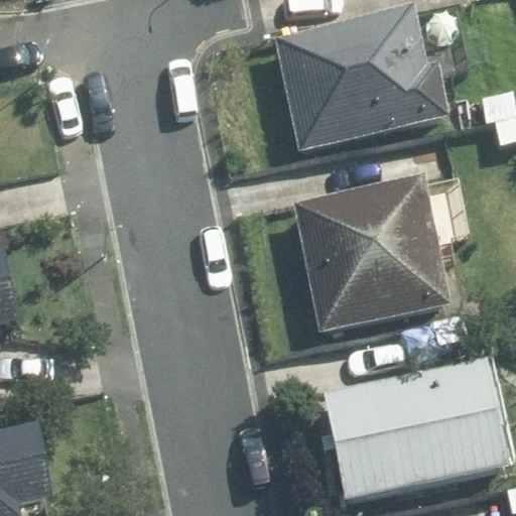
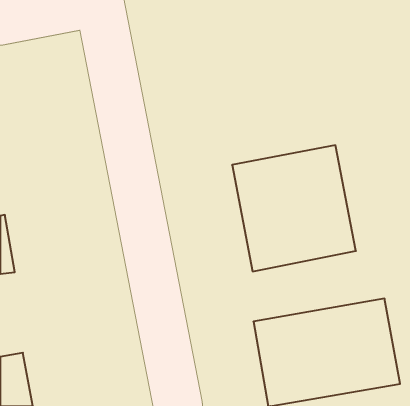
building: [278,5,449,148] -> none

